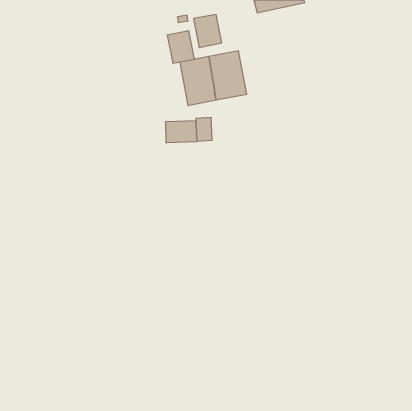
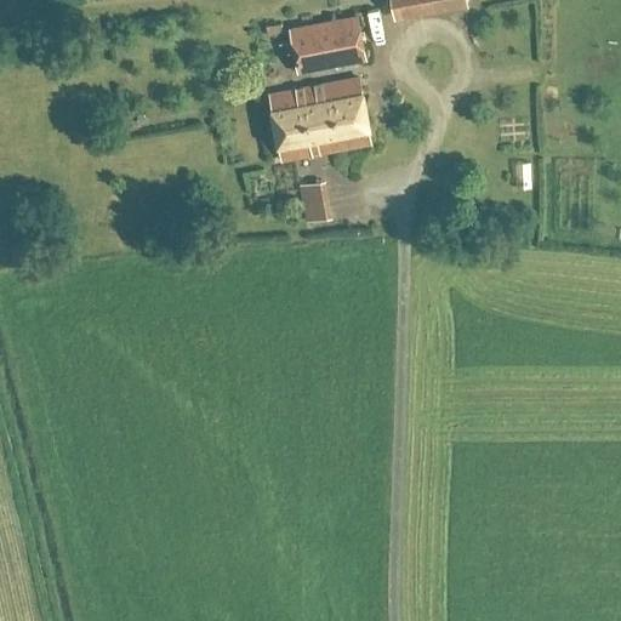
building: [167,31,195,63] -> [325,17,366,65]
building: [166,120,197,143] -> none

